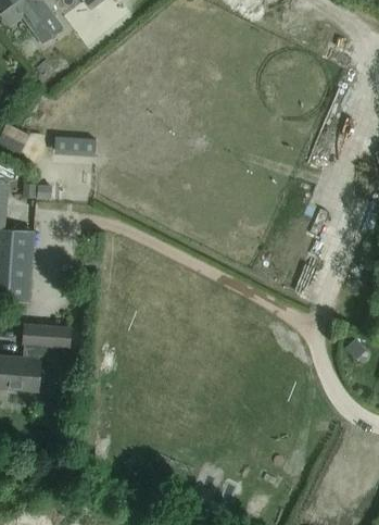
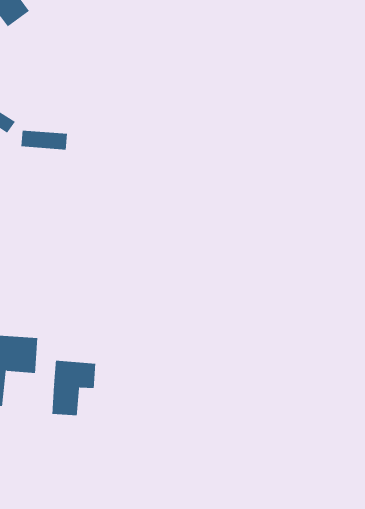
building: none -> [52,360,96,416]

